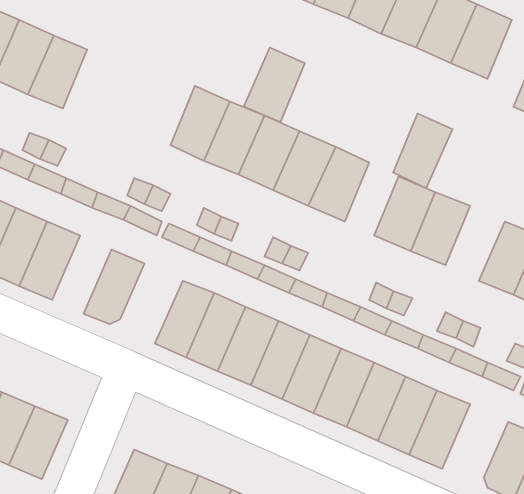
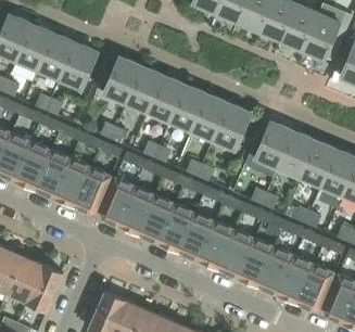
building: [244,47,305,122] -> [104,55,142,102]
building: none -> [60,42,98,89]
building: [393,113,452,188] -> [299,140,335,187]
building: none -> [53,158,90,207]
building: none -> [99,178,135,226]
building: none -> [296,264,333,310]

